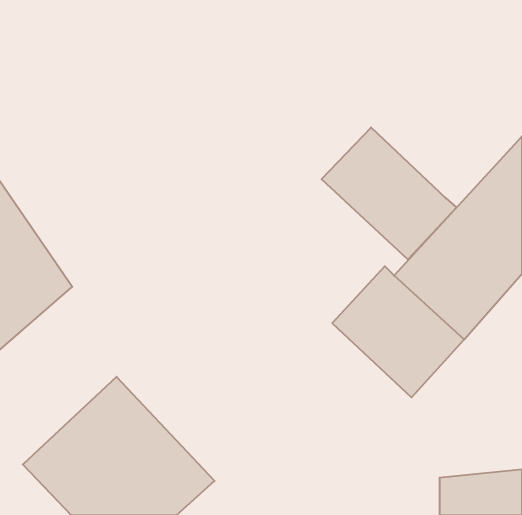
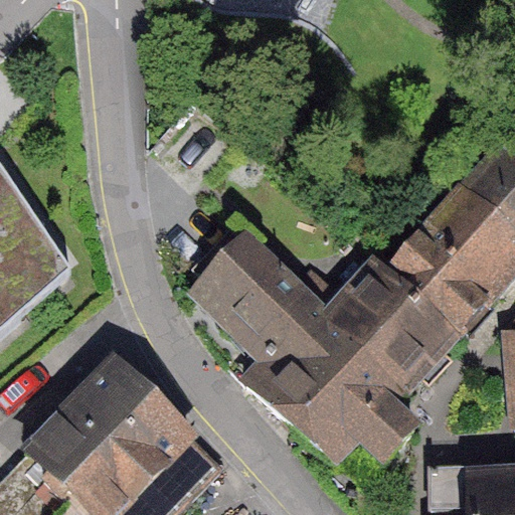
building: [322,127,456,259] -> none
building: none -> [202,239,410,458]

